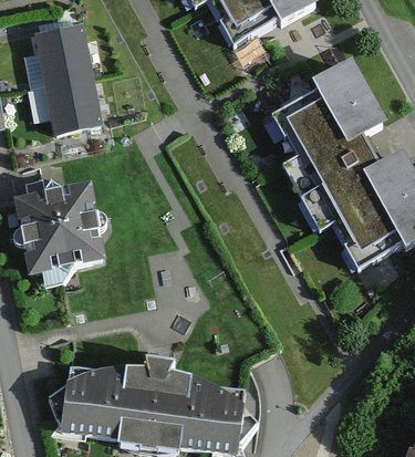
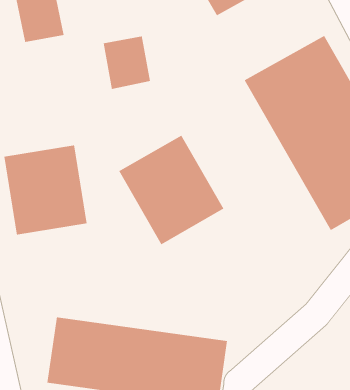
building: [40,65,91,122] -> [103,36,151,89]
building: none -> [119,135,224,245]

